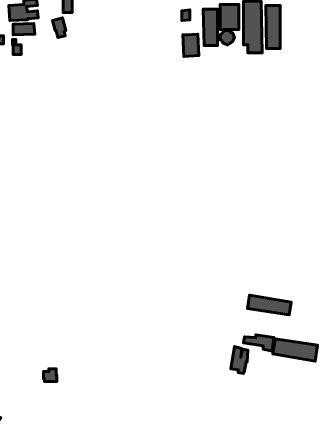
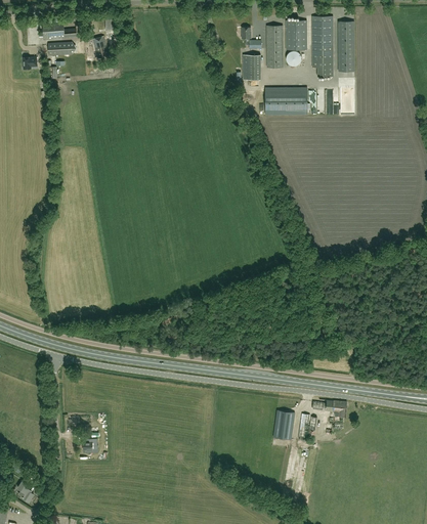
building: none -> [264,88,306,116]
building: [247,295,291,315] -> none
building: [273,339,318,361] -> none
building: none -> [272,410,294,440]

